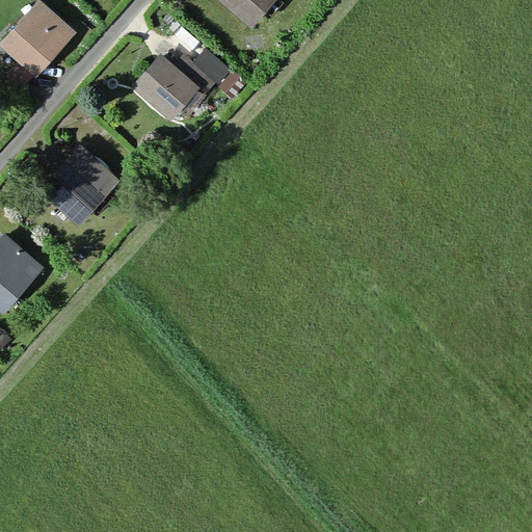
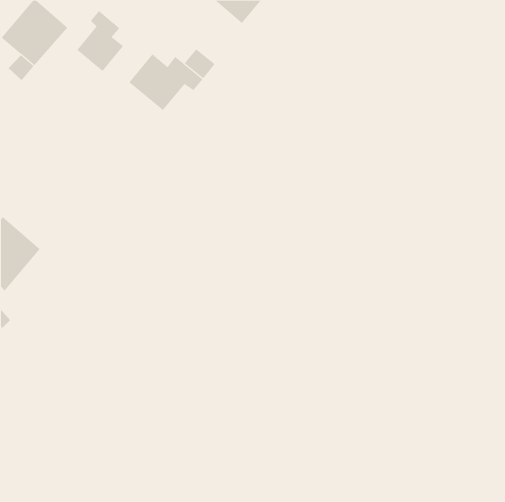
building: none -> [77,10,124,72]
building: [41,142,118,220] -> none

